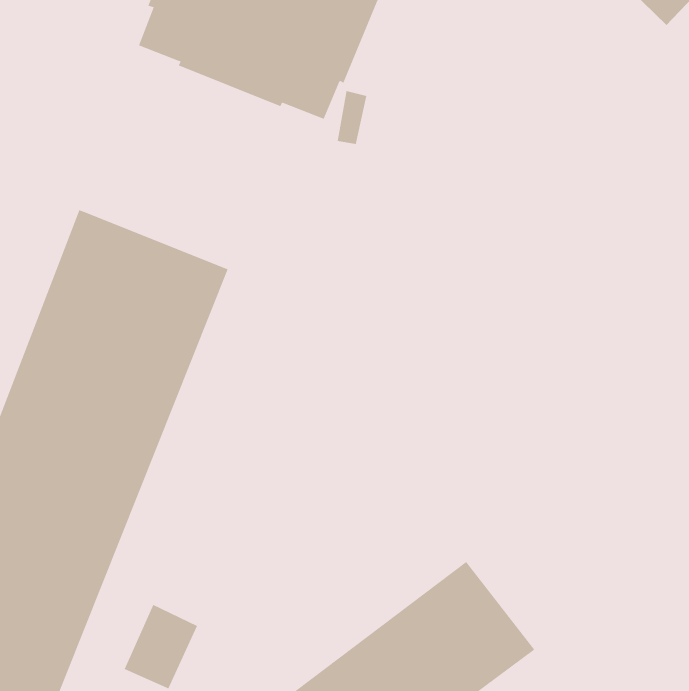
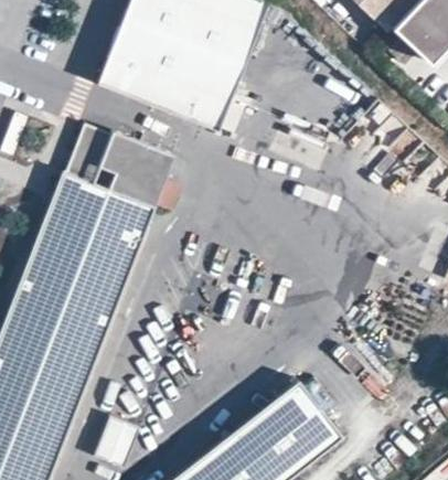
building: none -> [67,125,177,210]

